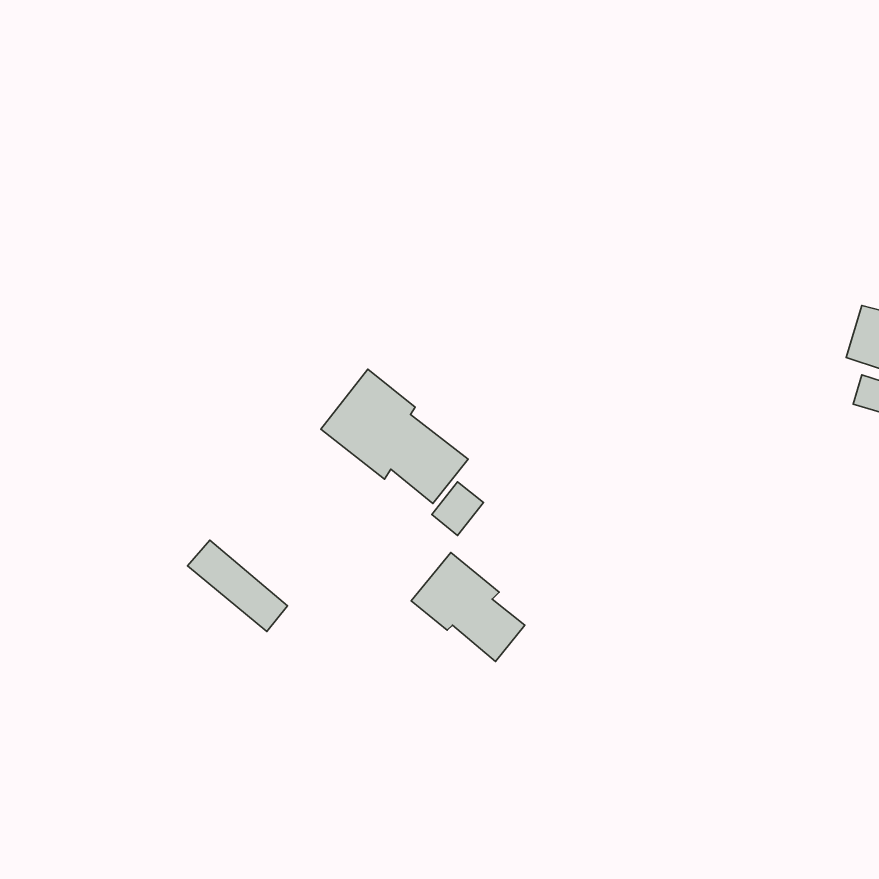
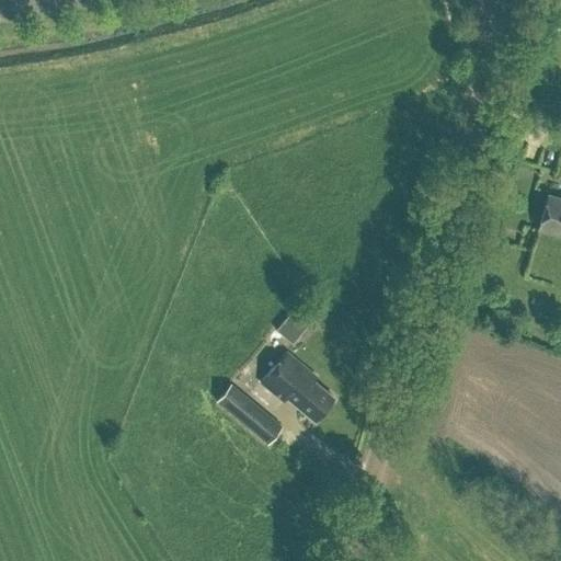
building: [321,369,468,504] -> none
building: [187,540,288,632] -> [219,386,283,444]

